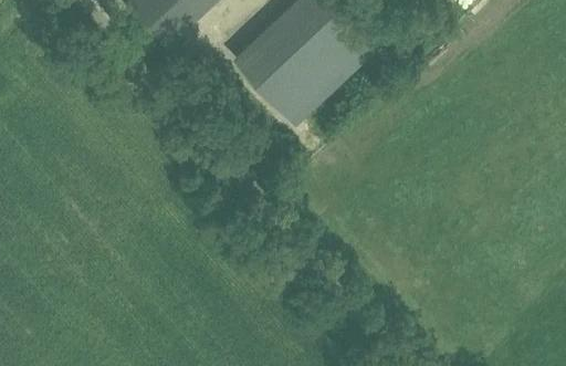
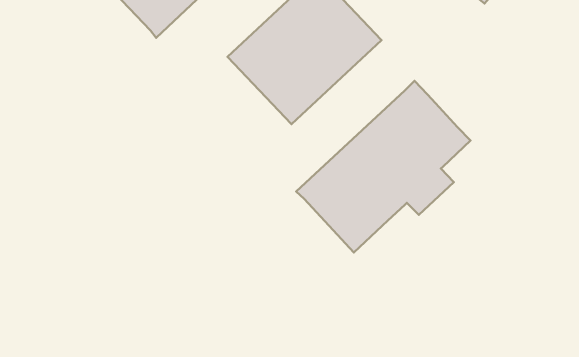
building: none -> [296,81,471,252]

